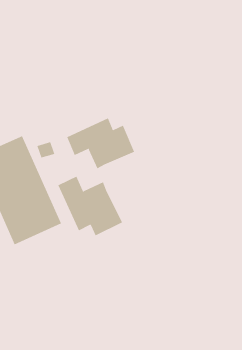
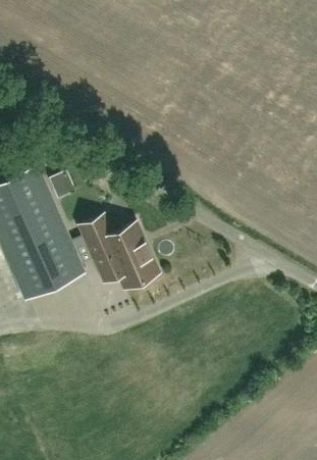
building: [66,118,135,169] -> none

